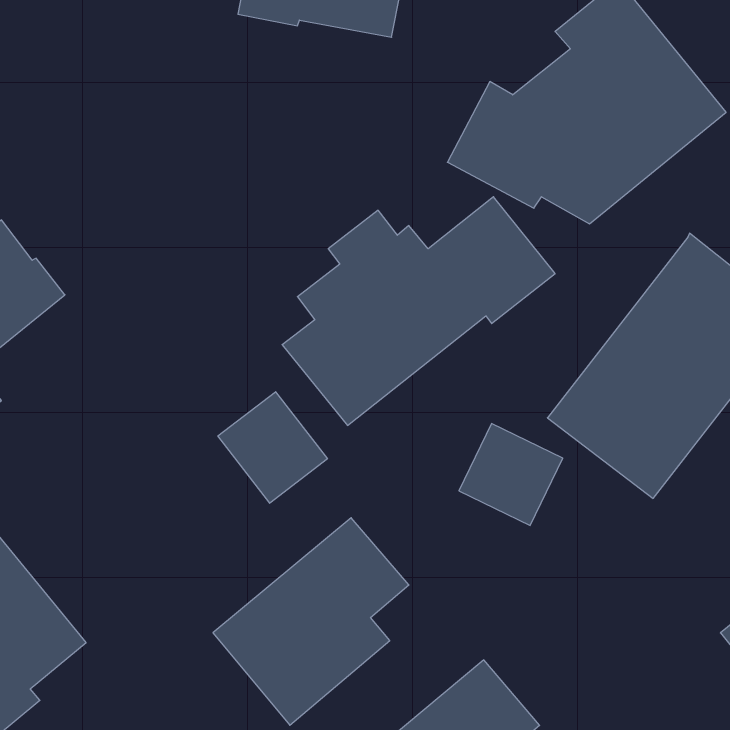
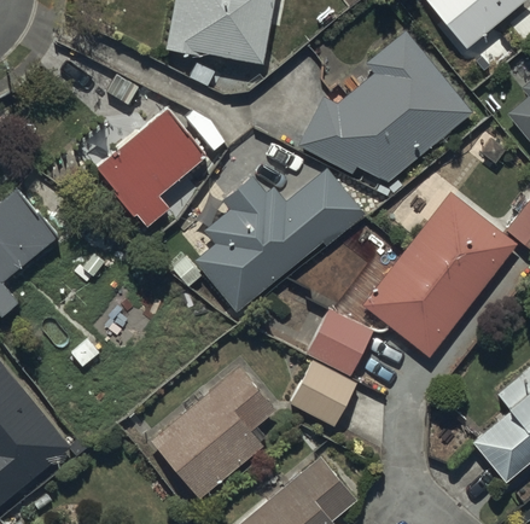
building: none -> [97,101,206,216]
building: [218,392,327,503] -> none
building: none -> [289,360,355,427]

